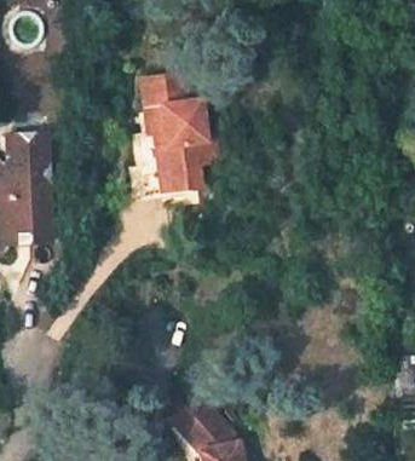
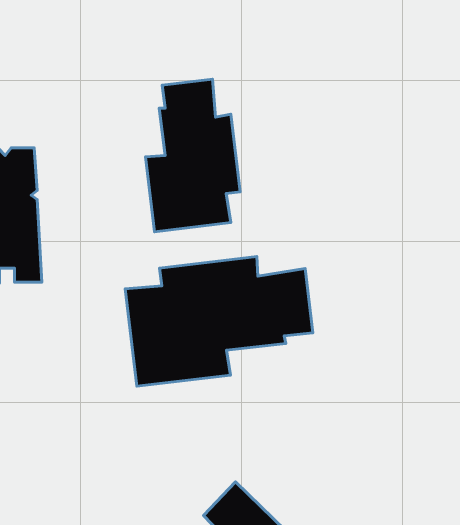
building: none -> [125,256,313,386]

